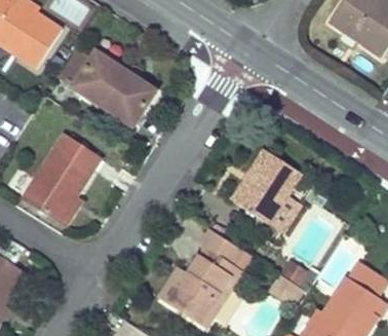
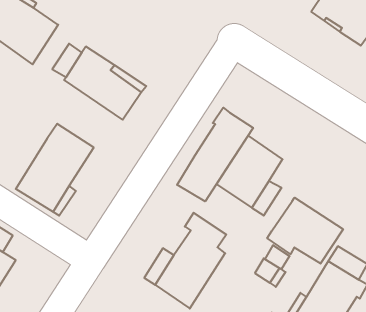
building: none -> [177,108,253,201]
building: none -> [267,198,343,264]

